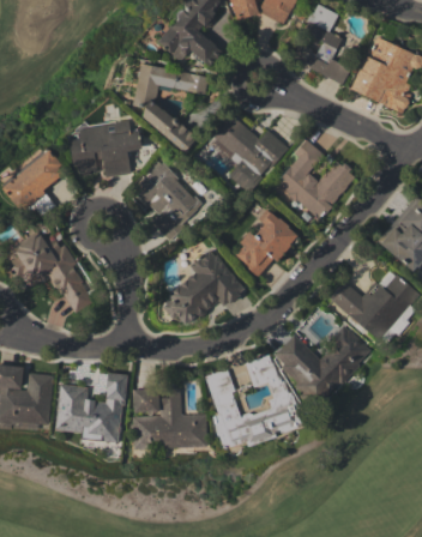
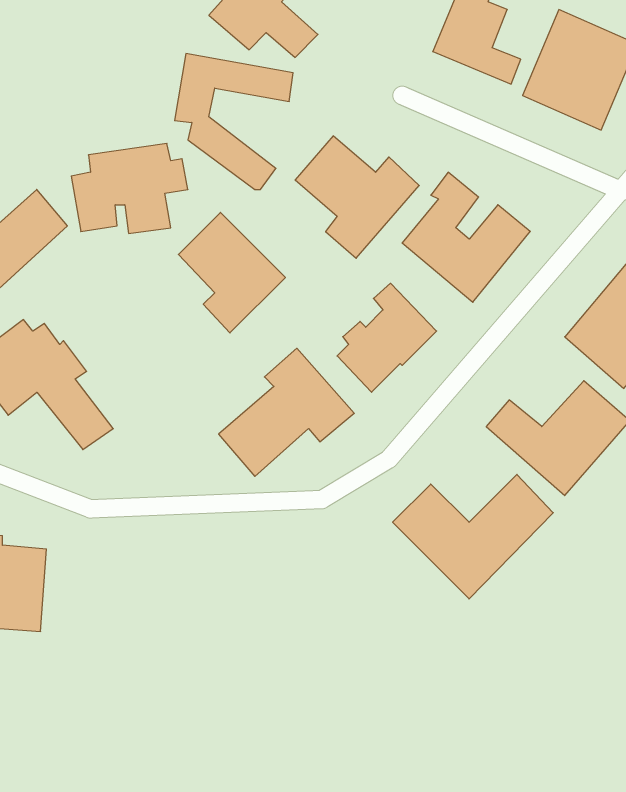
building: [204,352,297,447] -> none
building: [55,372,126,441] -> none
building: [133,387,206,447] -> none

